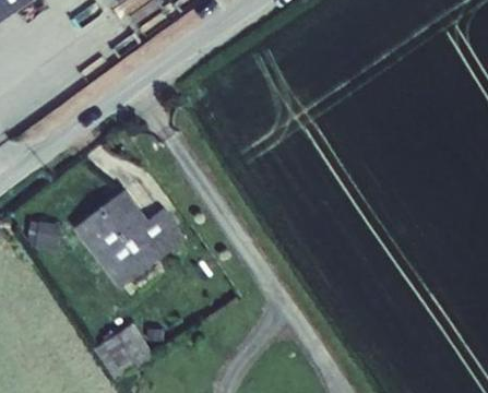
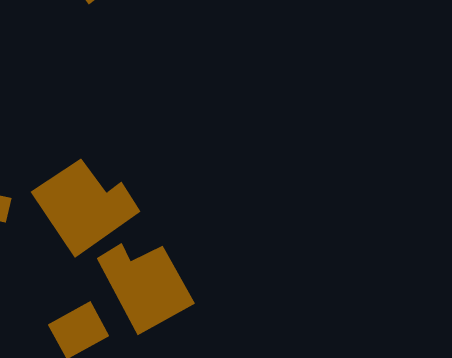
building: none -> [96,242,196,336]

